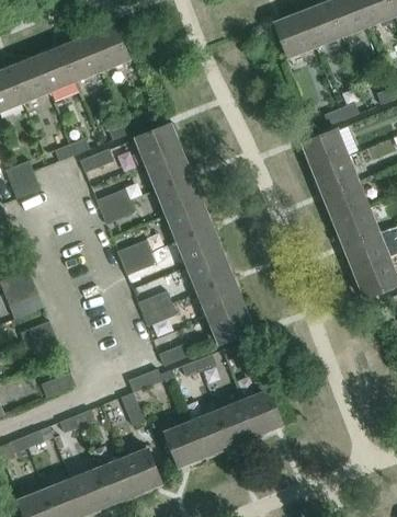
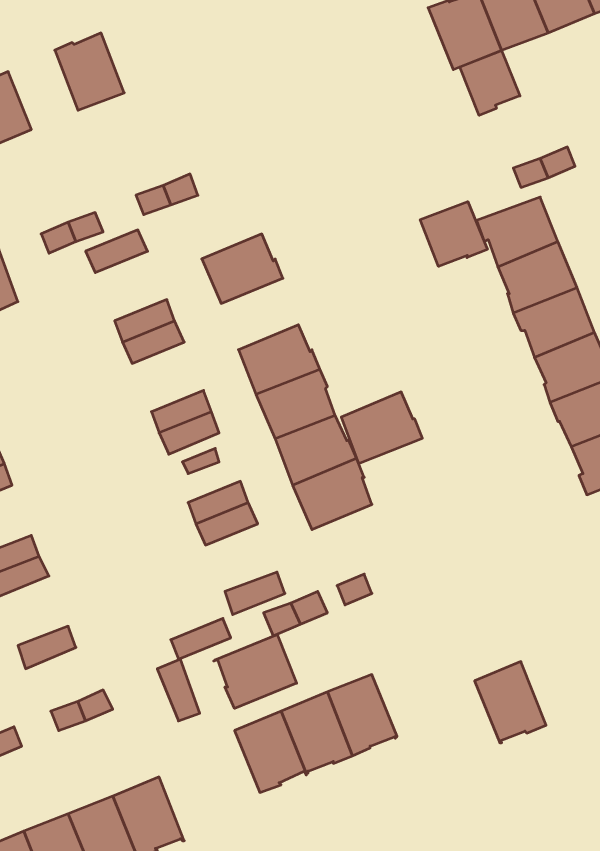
building: [89,24,129,70] -> none
building: [36,46,76,91] -> none
building: none -> [460,51,520,115]
building: [135,124,180,164] -> none
building: none -> [420,202,487,266]
building: [157,175,201,216] -> none
building: [208,303,254,344] -> [341,392,422,463]
building: none -> [214,634,297,708]
building: [242,389,283,435] -> [475,662,546,743]
building: [122,448,162,494] -> none

